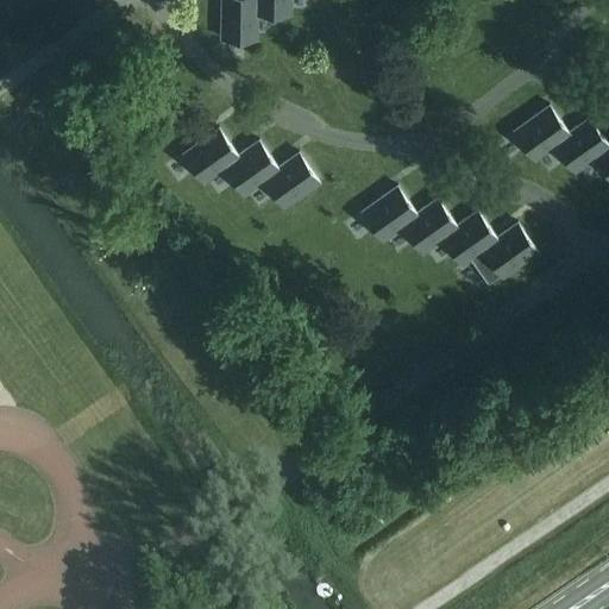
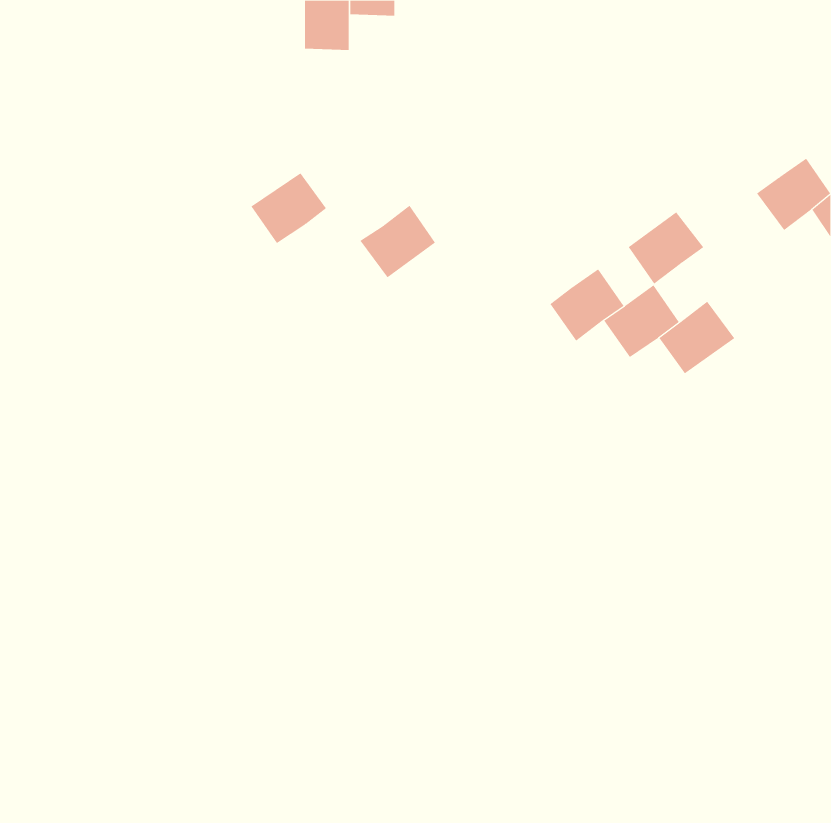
building: [514,109,570,163] -> [628,211,704,285]
building: [224,144,280,197] -> none
building: [362,190,417,243] -> none

